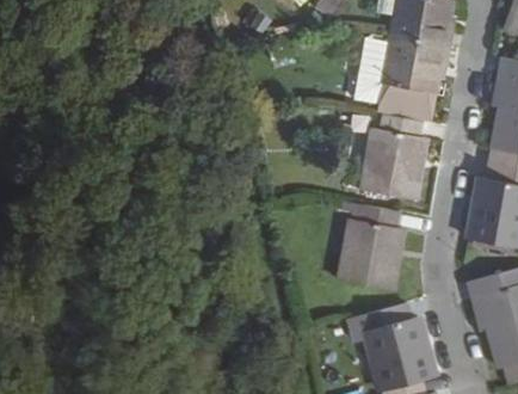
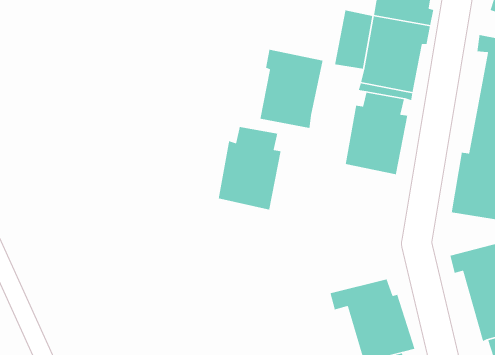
building: none -> [260,49,324,129]
building: [340,205,405,291] -> [218,126,282,211]

